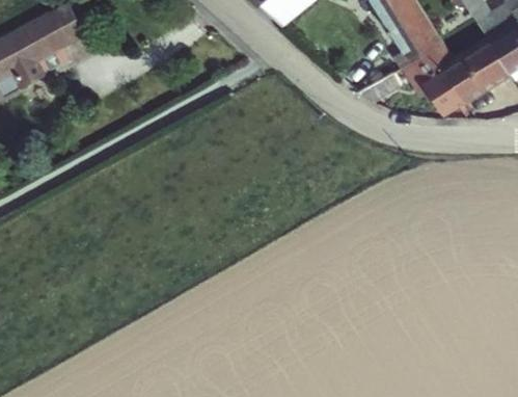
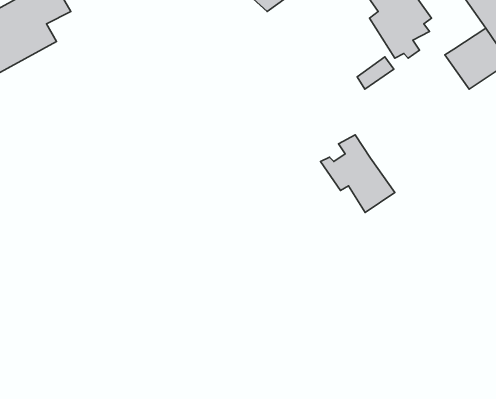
building: [404,42,473,114] -> [321,135,395,213]

